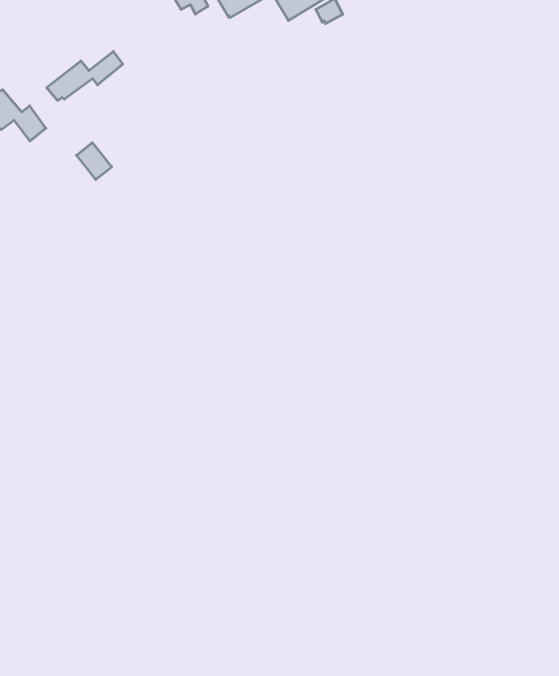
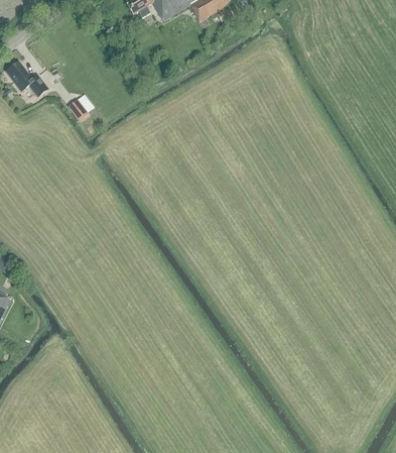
building: [47,51,123,100] -> none

